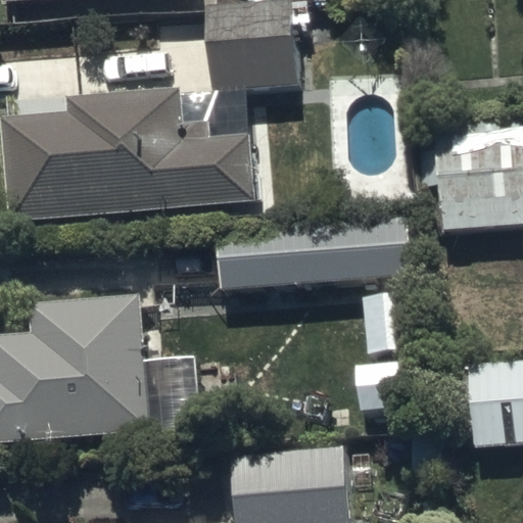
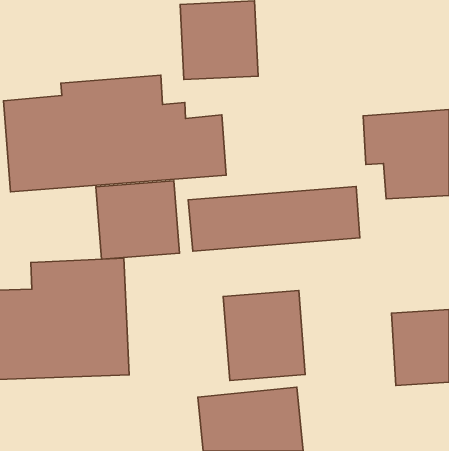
building: none -> [96,181,180,259]
building: none -> [223,291,305,380]

